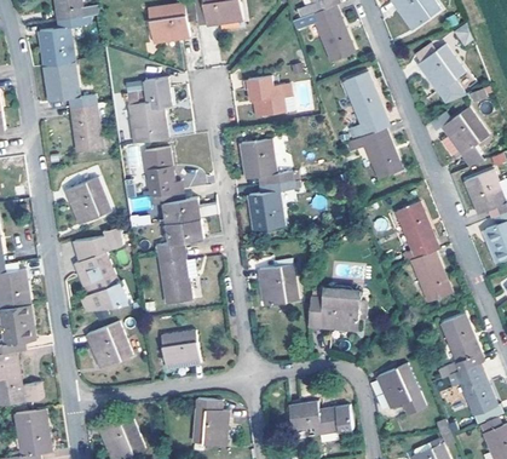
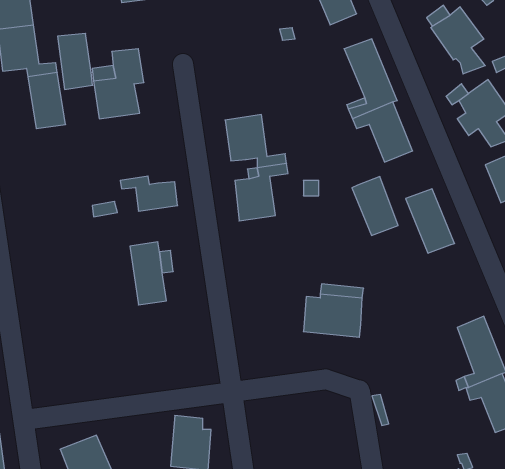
building: [242,75,286,115] -> none
building: [144,147,174,195] -> [58,33,93,89]
building: [64,176,109,222] -> none
building: [157,217,203,252] -> none
building: [73,231,132,311] -> none
building: [411,251,451,302] -> [352,177,398,235]
building: [258,264,298,306] -> none
building: [86,321,132,368] -> none
building: [161,329,200,367] -> none
building: [379,365,425,415] -> none
building: [288,401,352,434] -> none

